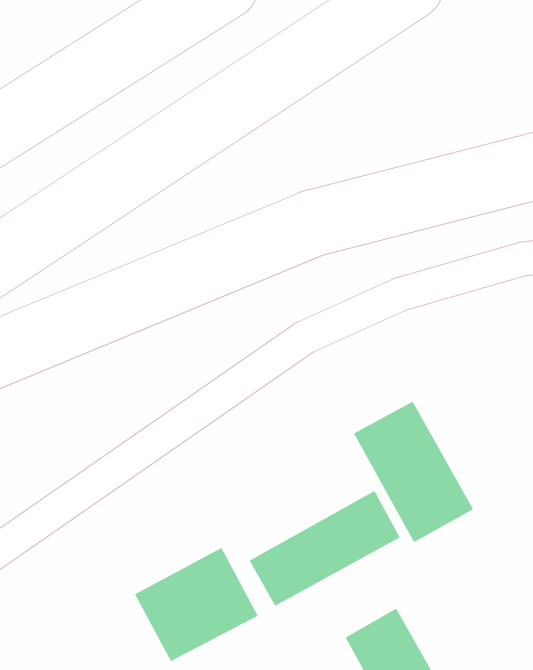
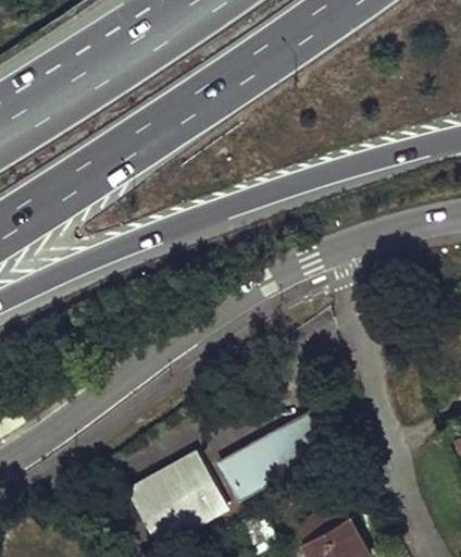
building: [353,401,474,543] -> none

